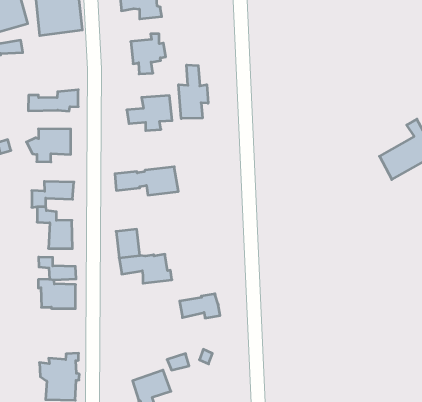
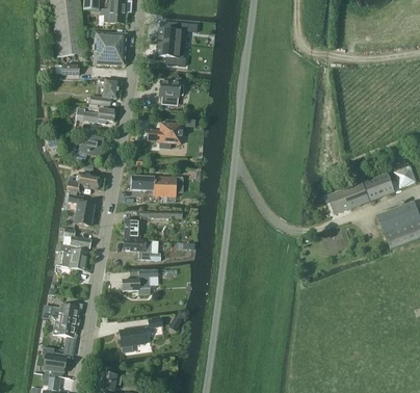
building: none -> [89,78,119,106]
building: [179,65,208,119] -> none
building: [180,294,220,318] -> [122,278,150,294]

